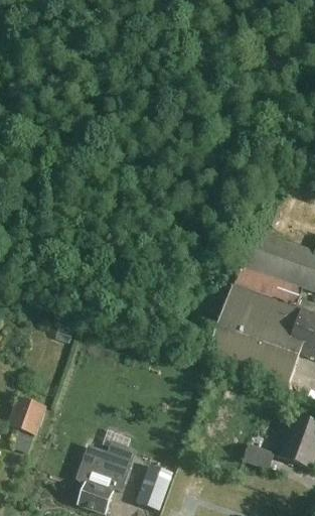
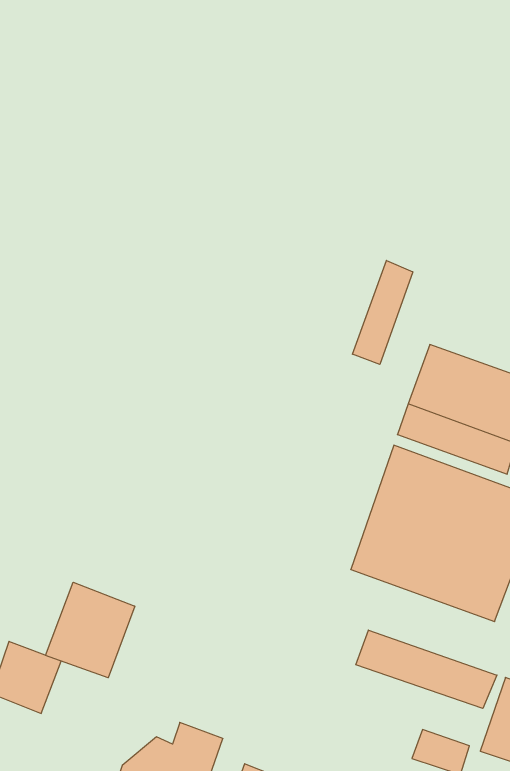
building: none -> [352,260,413,364]
building: none -> [46,582,135,678]
building: none -> [356,630,497,708]

